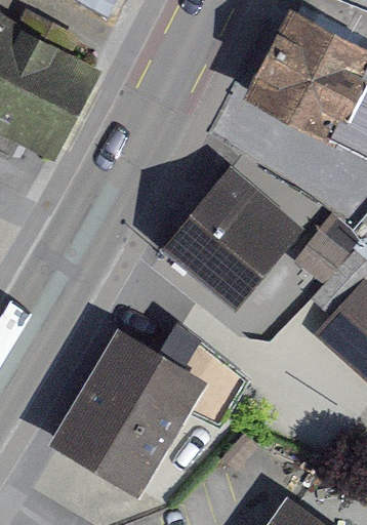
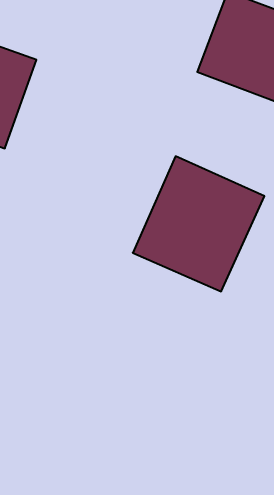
building: [56,335,189,480] -> none

